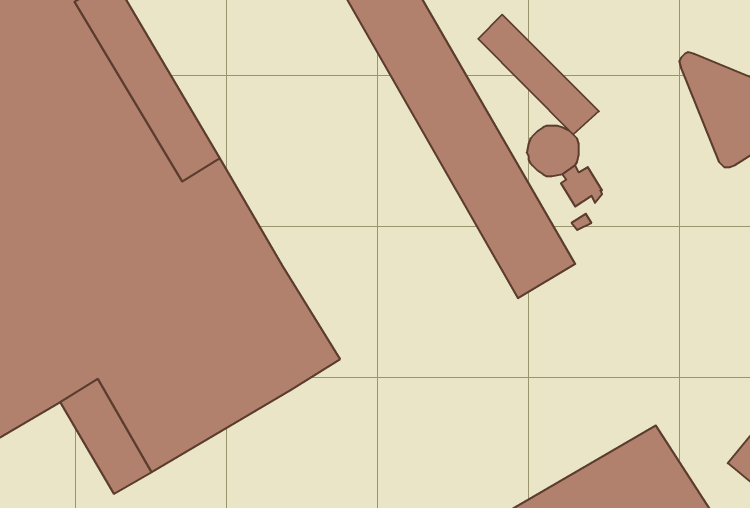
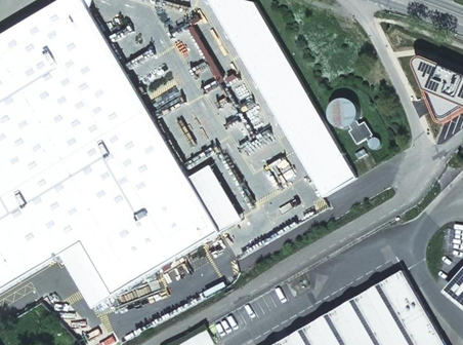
building: [478,15,599,134] -> none
building: none -> [186,166,240,232]

